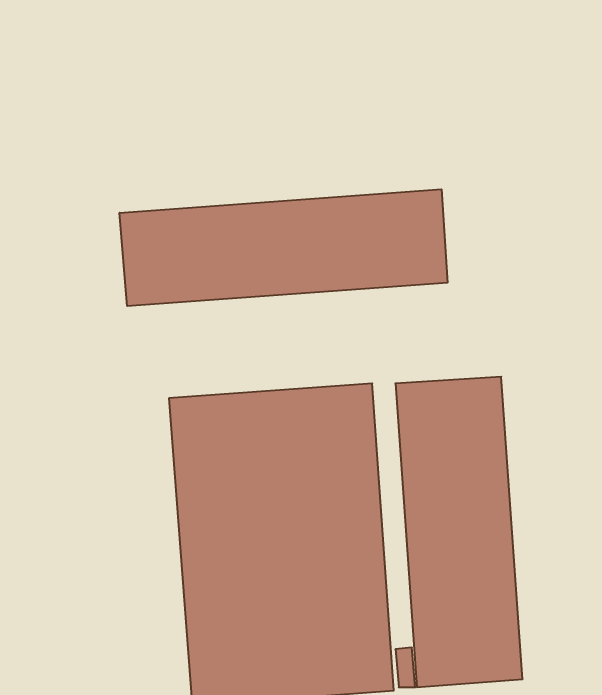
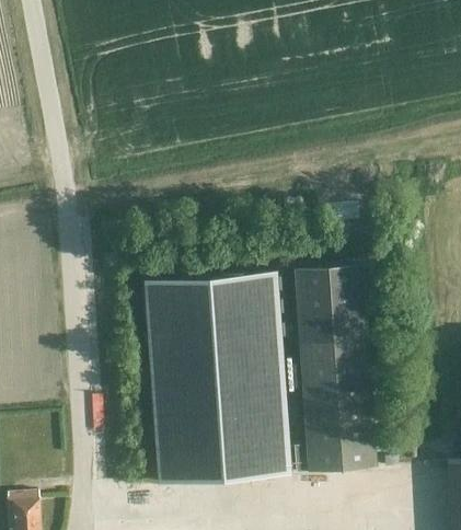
building: [120,189,447,306] -> none

